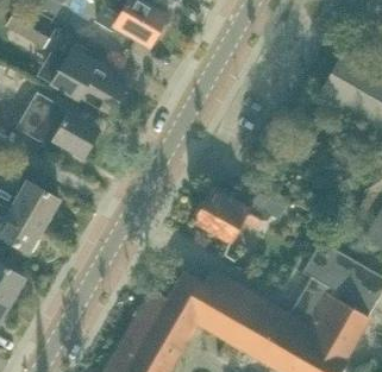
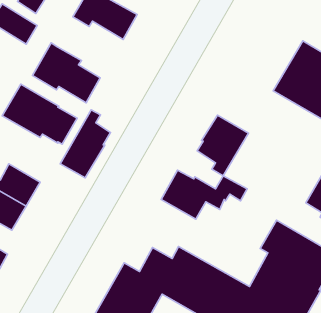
building: none -> [60,110,111,178]
building: none -> [197,115,249,176]

